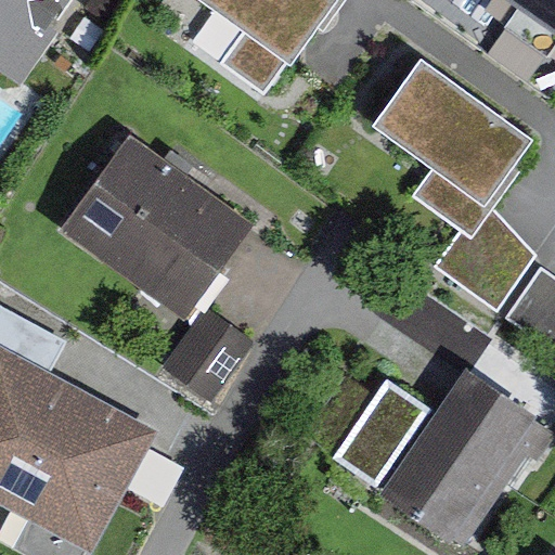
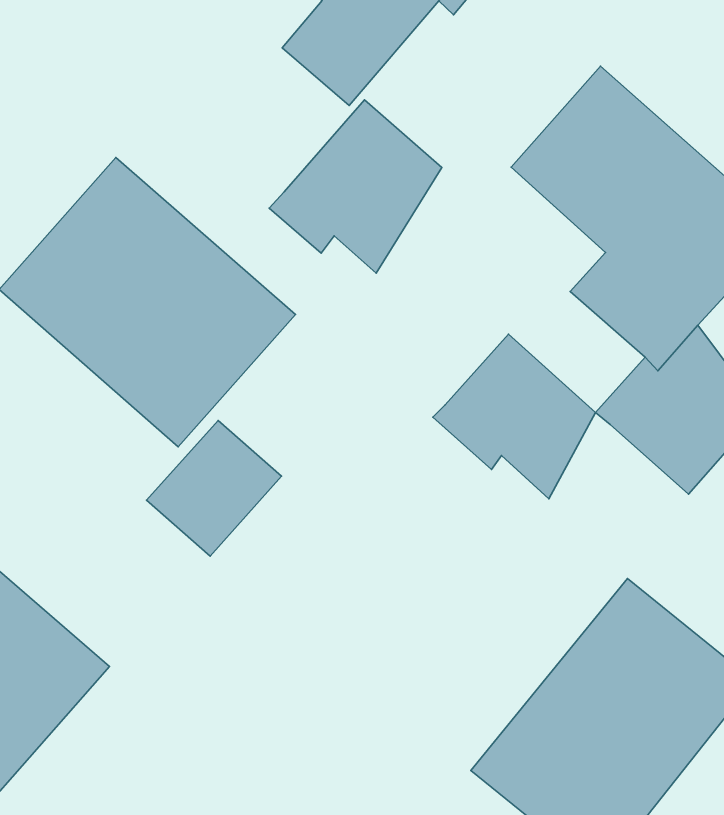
building: none -> [269,100,442,273]
building: none -> [433,334,596,499]
building: [334,377,433,487] -> none

